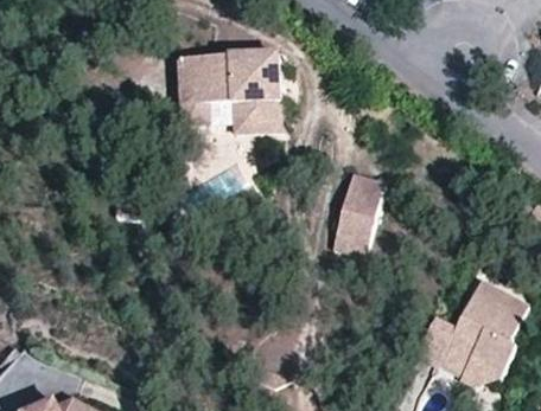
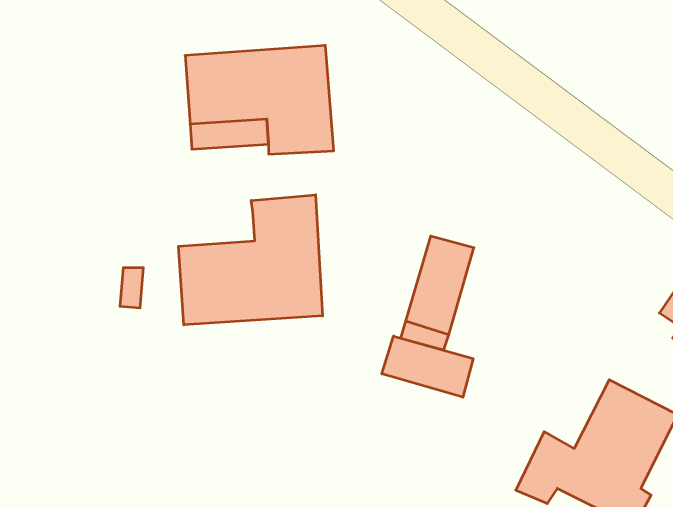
building: none -> [179,195,323,325]
building: none -> [382,336,473,397]

